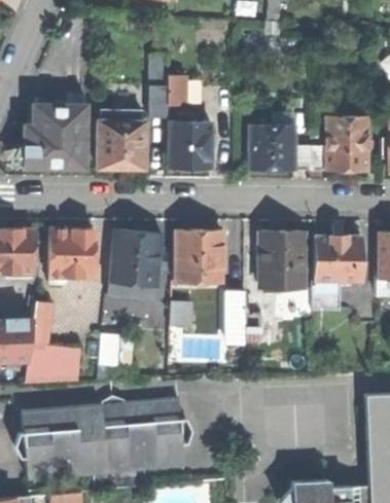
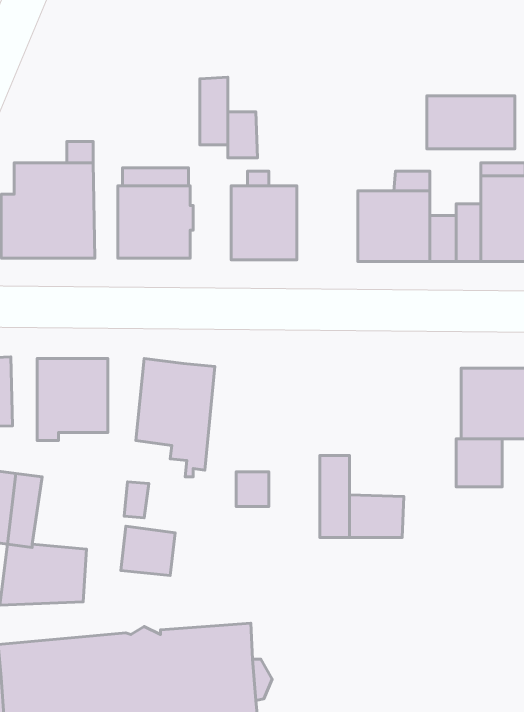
building: none -> [427,96,515,149]
building: [174,231,220,283] -> none
building: [260,232,302,290] -> none

